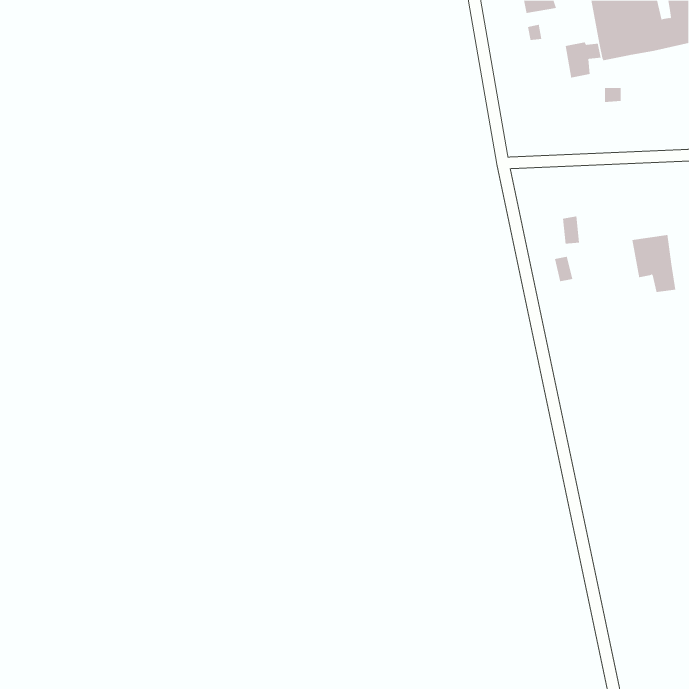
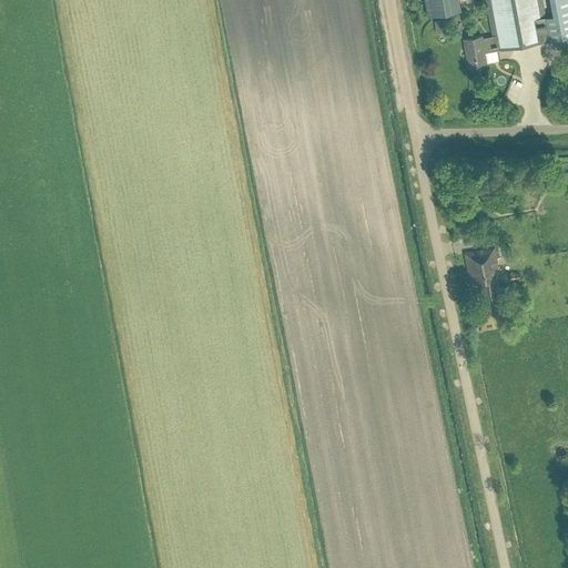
building: [632,235,676,293] -> [465,247,501,295]

